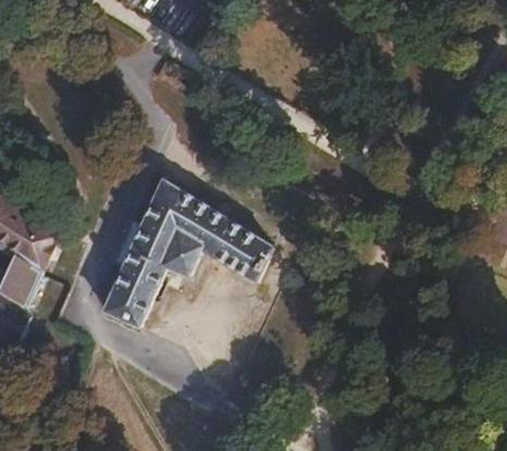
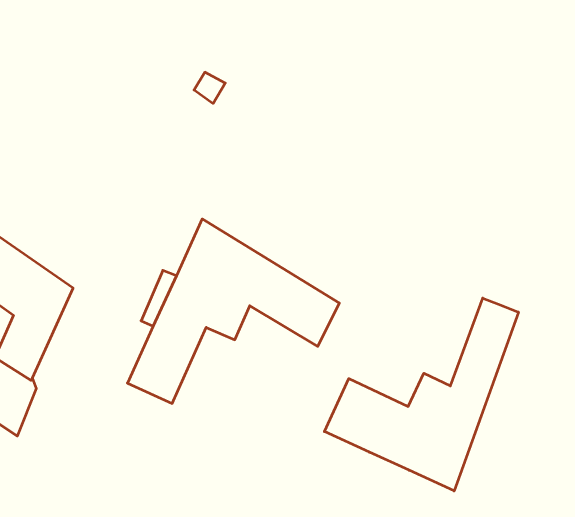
building: none -> [324,298,518,491]

